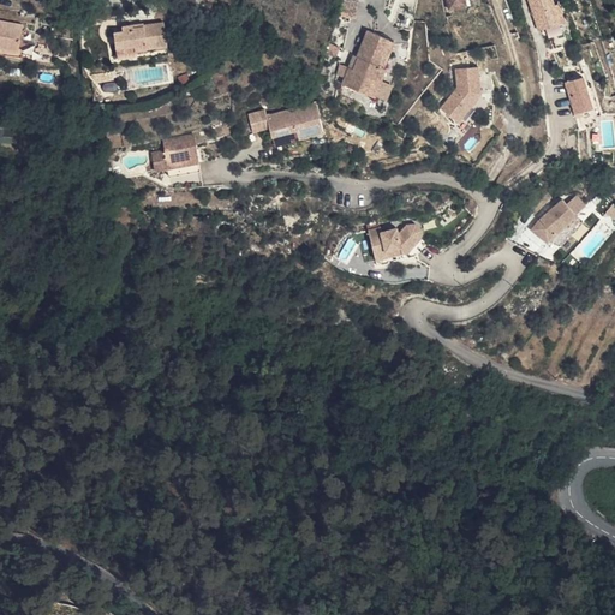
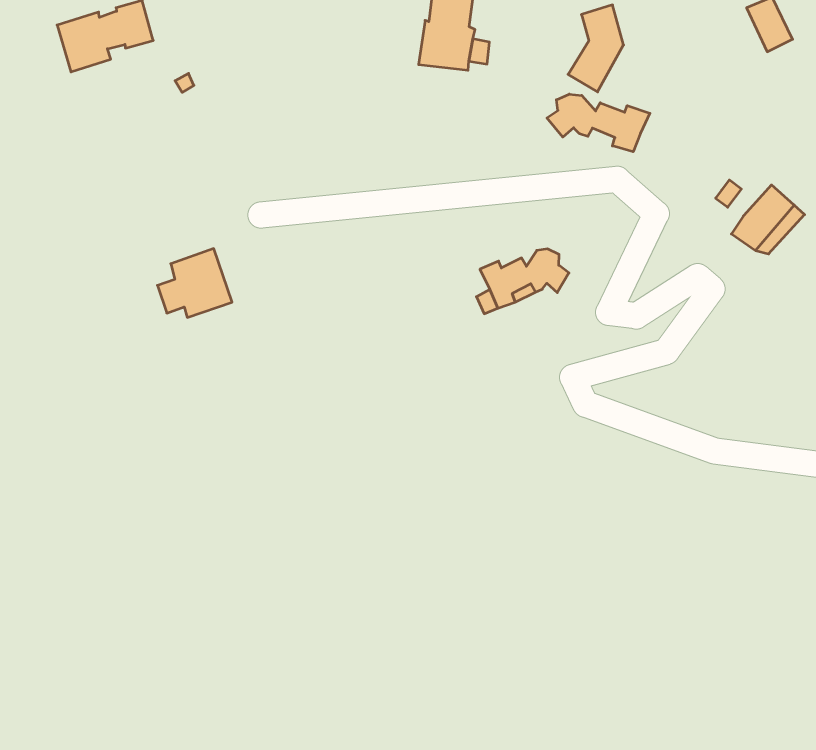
building: [253,102,324,138] -> none
building: none -> [547,94,650,152]
building: [153,131,201,174] -> [157,249,232,317]

